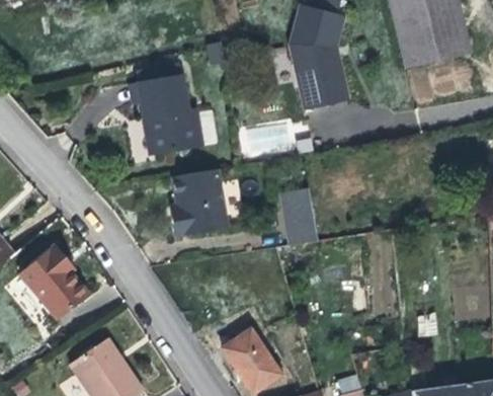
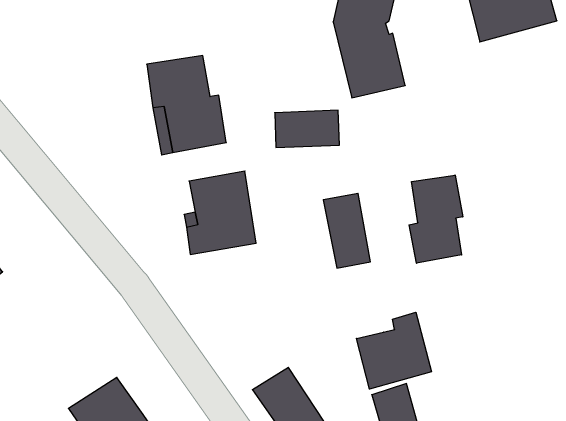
building: none -> [409,175,463,263]
building: [25,248,93,318] -> none
building: none -> [356,312,431,389]

